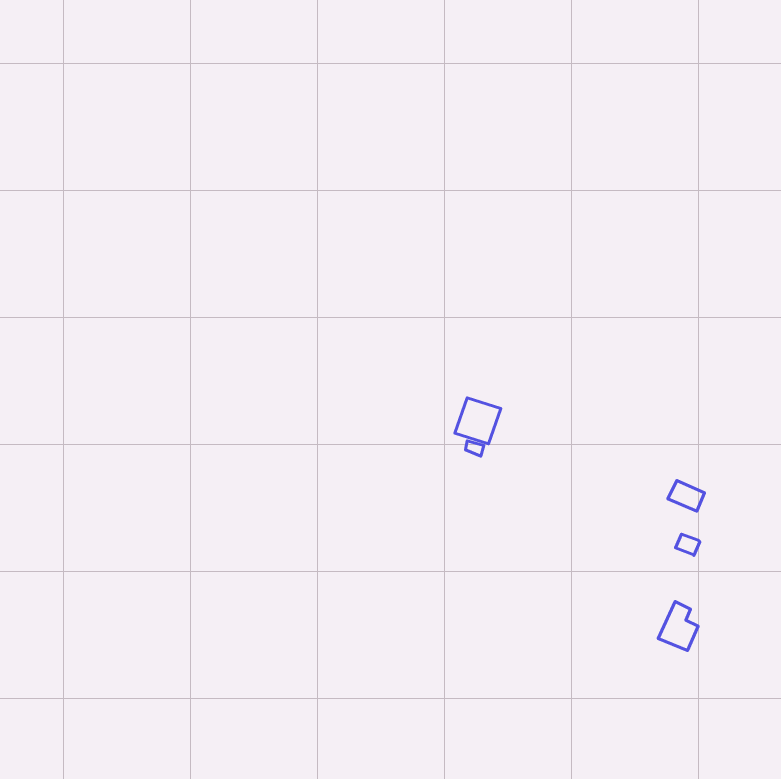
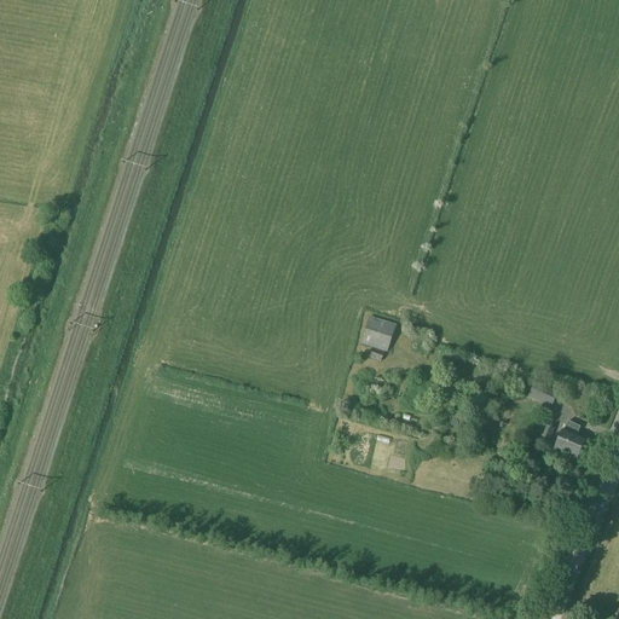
building: [658,602,698,651] -> [553,420,584,458]

